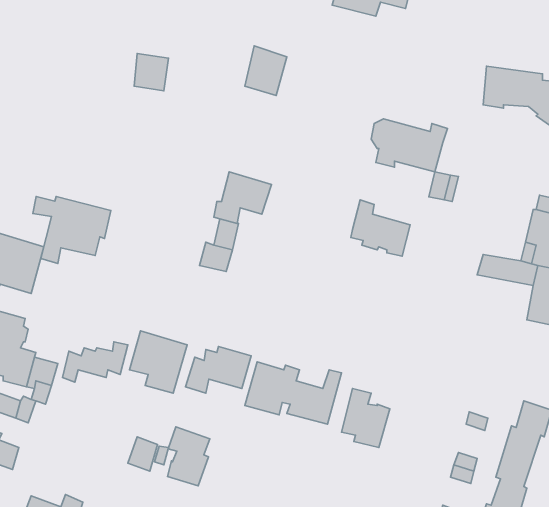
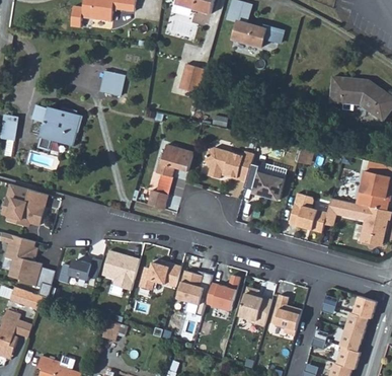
building: [371,119,447,172] -> [206,149,255,183]
building: [33,196,111,263] -> [35,108,86,152]
building: none -> [290,193,328,232]
building: none -> [271,294,302,335]
building: [167,427,210,486] -> none

